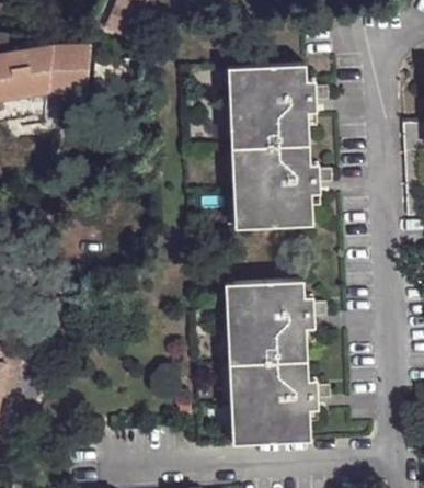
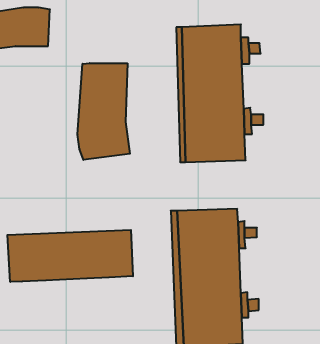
building: none -> [78,63,130,160]
building: none -> [7,230,133,282]

